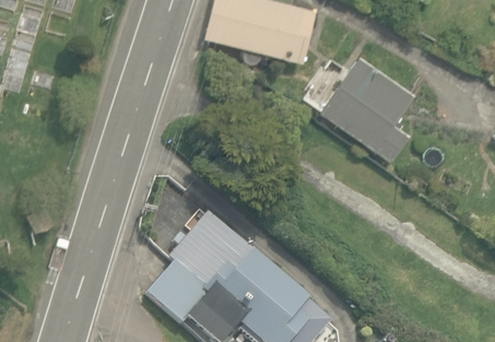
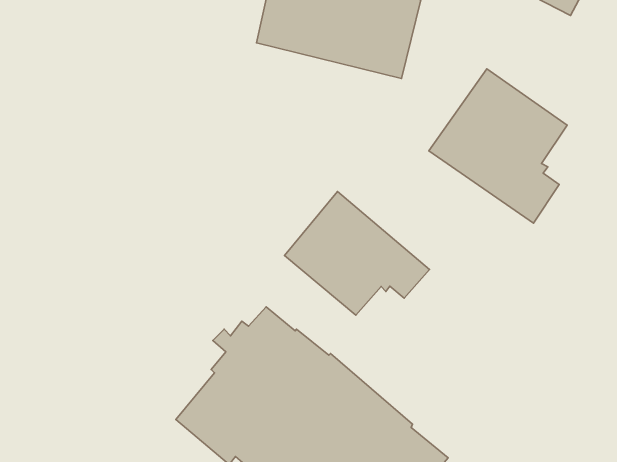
building: none -> [284,192,430,315]

